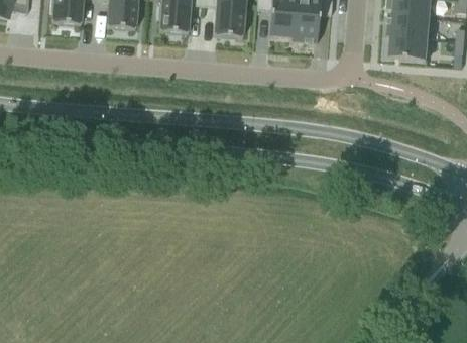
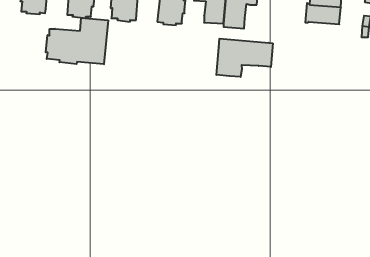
building: none -> [46,18,108,64]
building: [390,35,429,61] -> none
building: none -> [216,39,273,77]

